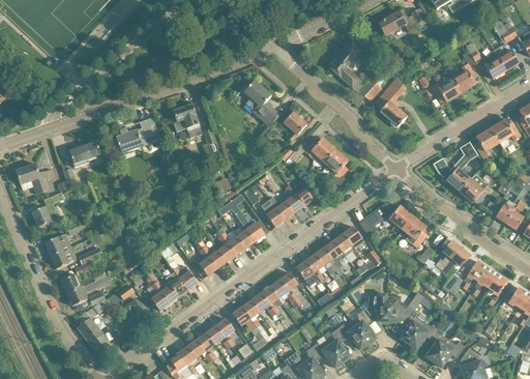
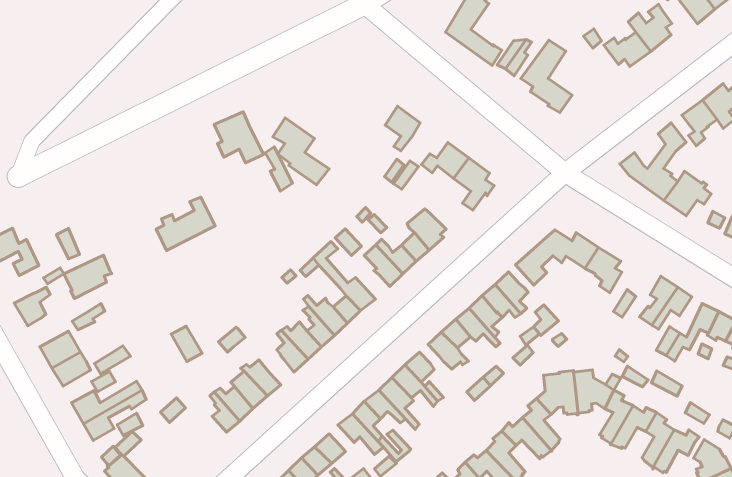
building: [244,80,278,125] -> [273,118,329,185]
building: [116,119,154,151] -> [156,197,215,250]
building: [69,141,100,167] -> [64,255,112,298]

